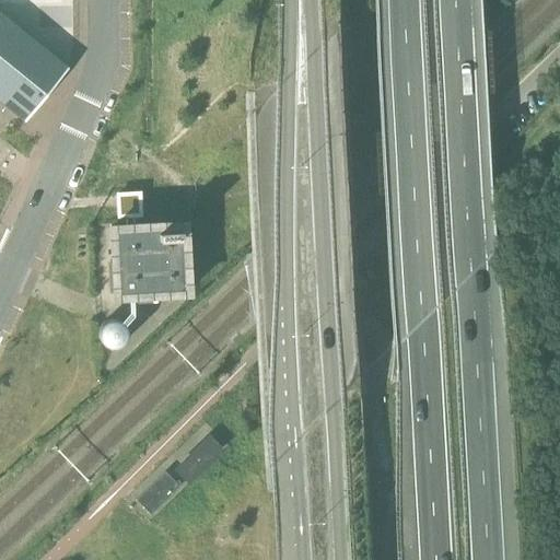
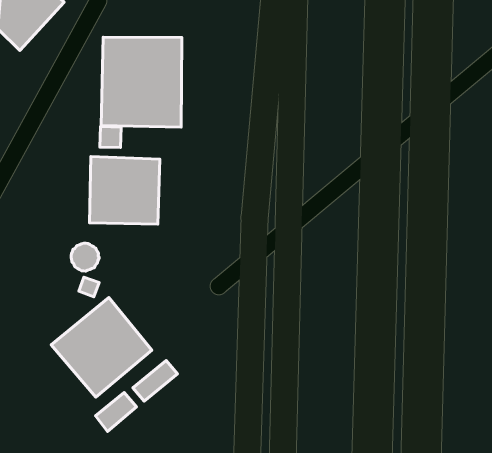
building: none -> [101,37,182,127]
building: none -> [51,298,152,397]

